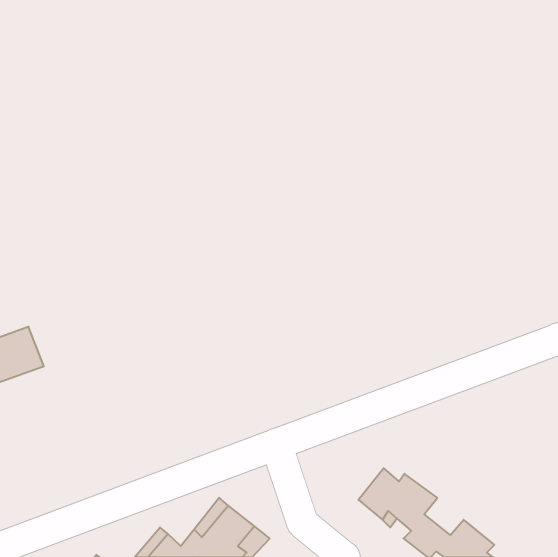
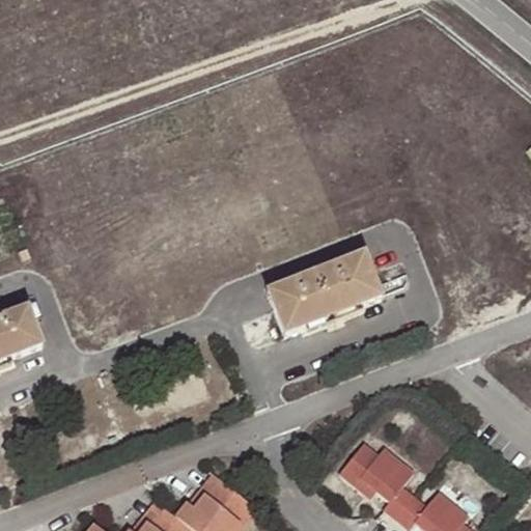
building: none -> [266,255,381,336]

